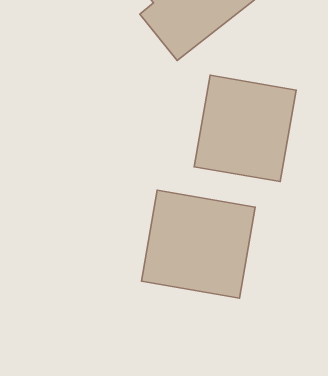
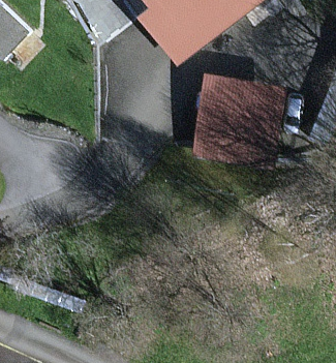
building: [142,190,255,298] -> none

